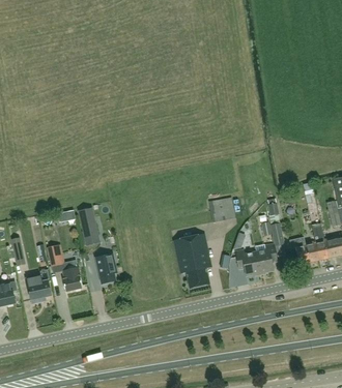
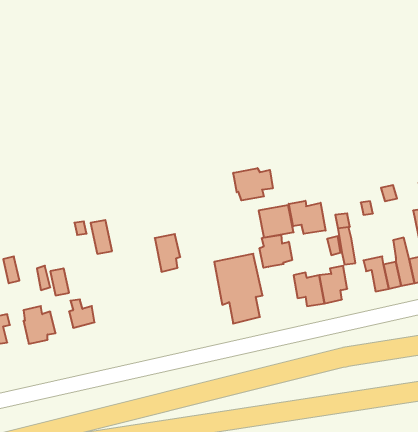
building: none -> [233,168,273,200]
building: none -> [289,201,326,234]
building: none -> [260,235,292,268]
building: [96,253,116,282] -> [155,234,180,272]

